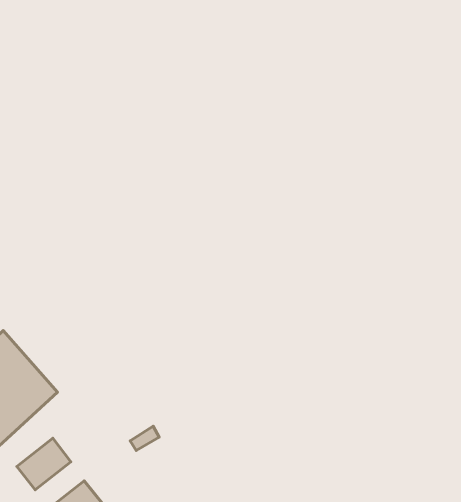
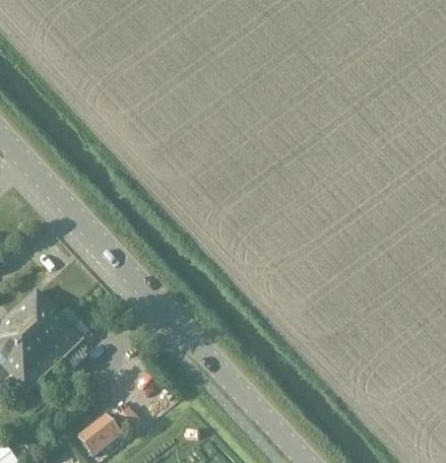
building: [17,438,71,490] -> none

